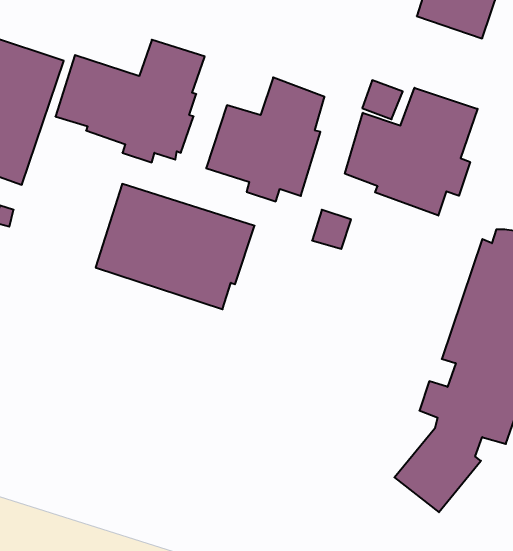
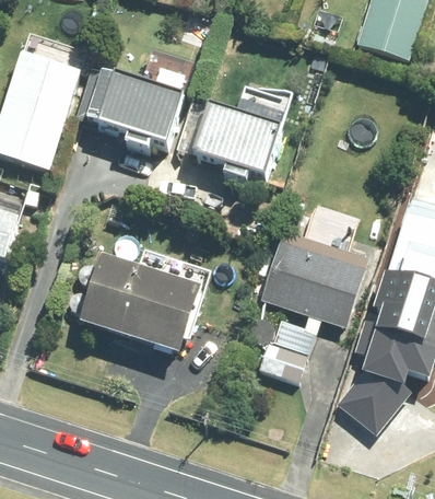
building: [345,88,478,216] -> none
building: [96,184,255,309] -> [80,258,204,357]
building: none -> [260,228,371,379]

